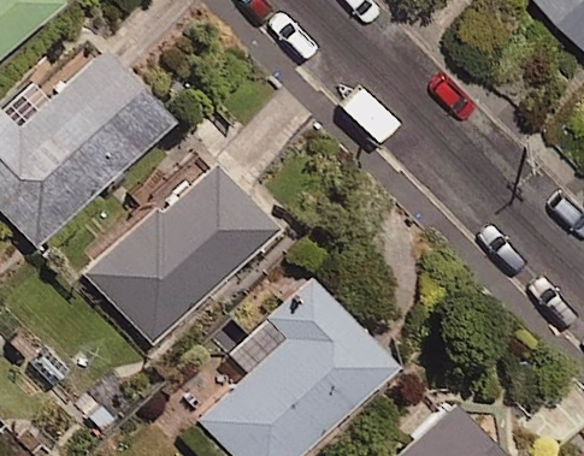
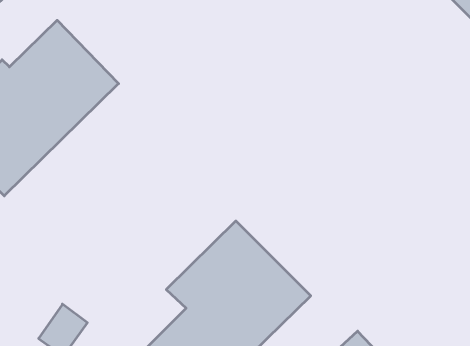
building: [87,158,275,347] -> none

